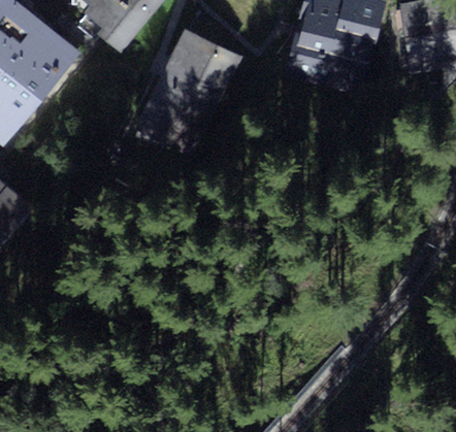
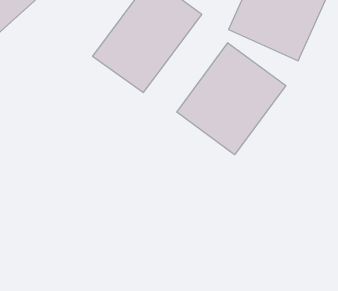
building: none -> [177,43,286,155]

